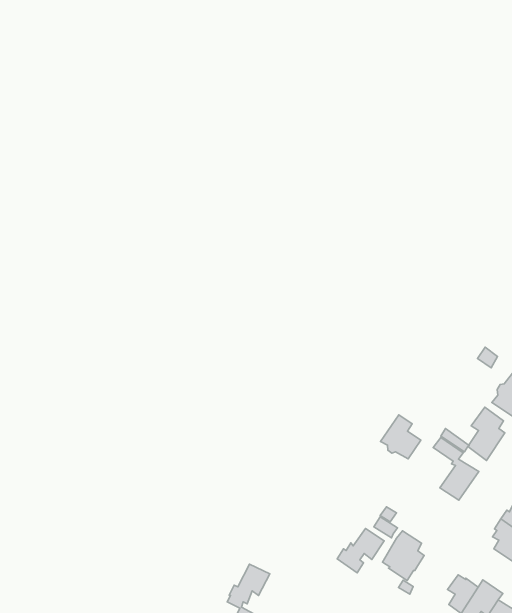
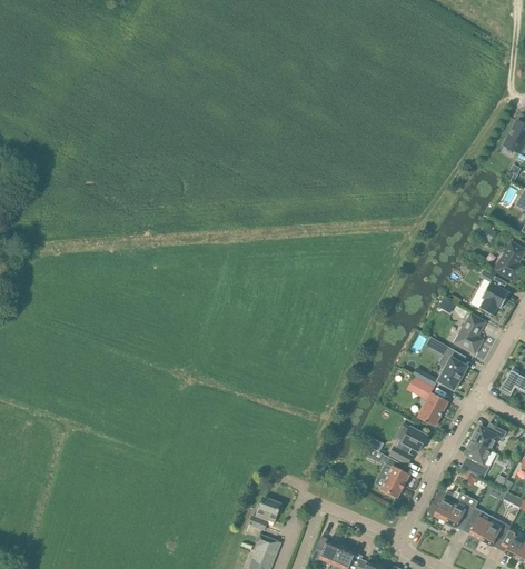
building: [380,415,421,459] -> none
building: [337,528,384,573] -> [389,428,427,466]

